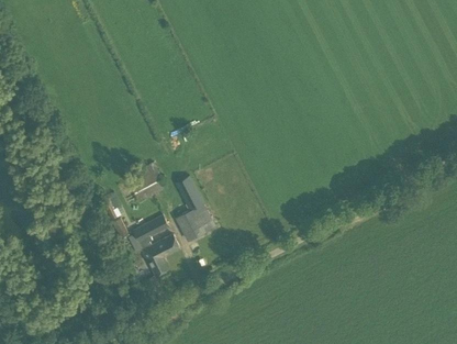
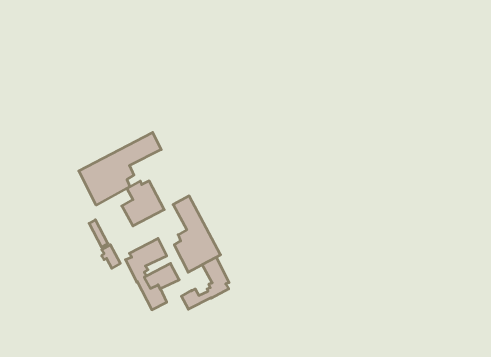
building: none -> [79,132,161,205]
building: none -> [181,257,229,309]

